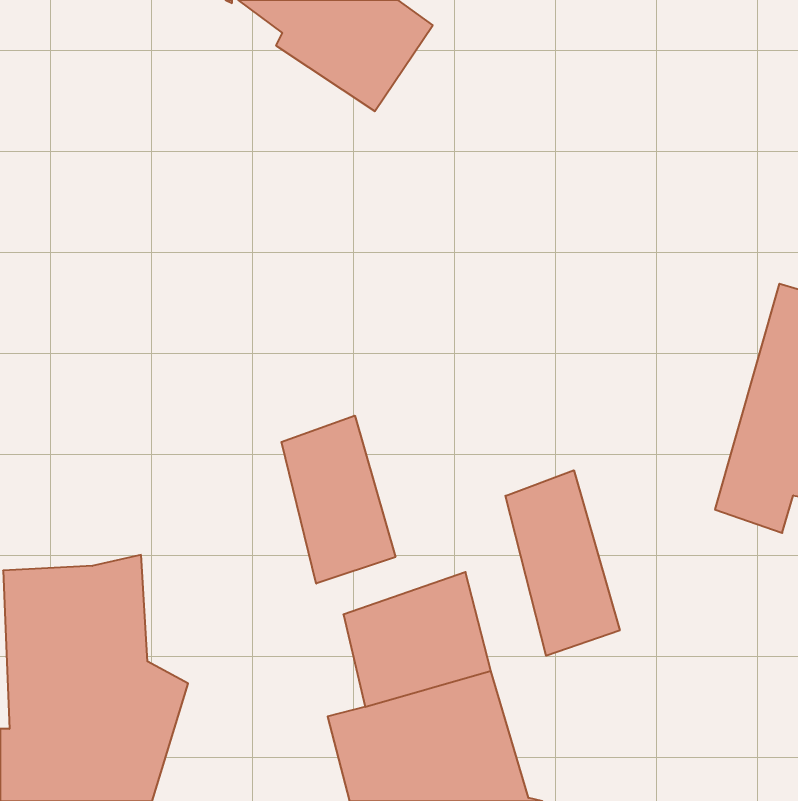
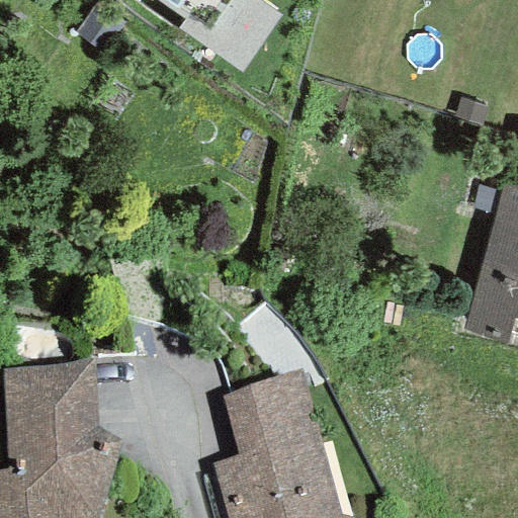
building: [281,416,395,584] -> none
building: [505,470,620,656] -> none

